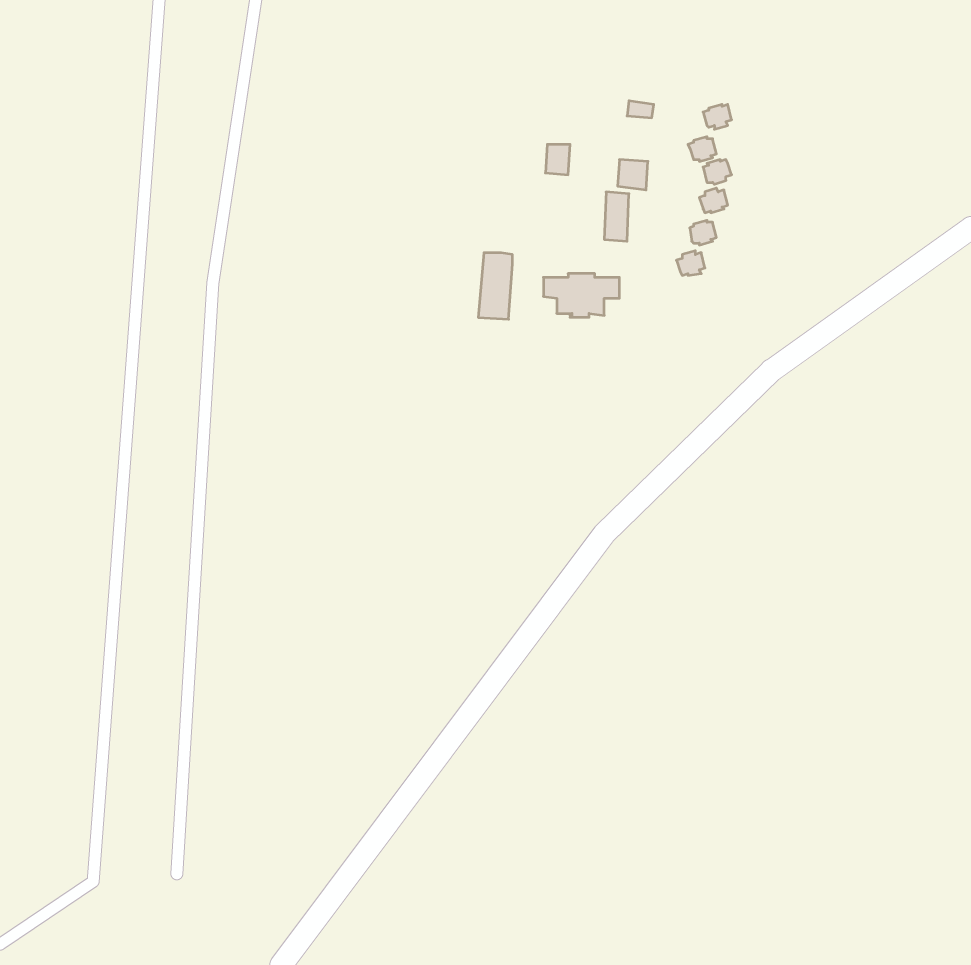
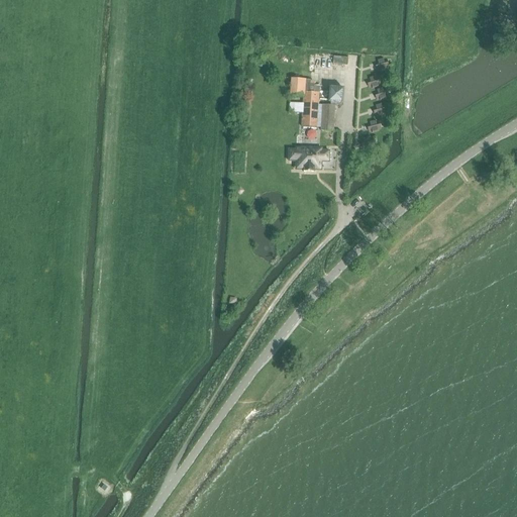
building: [478,253,512,319] -> [301,90,319,125]

